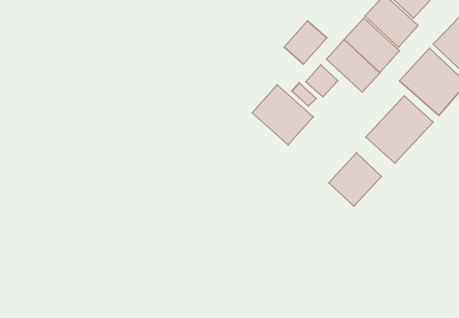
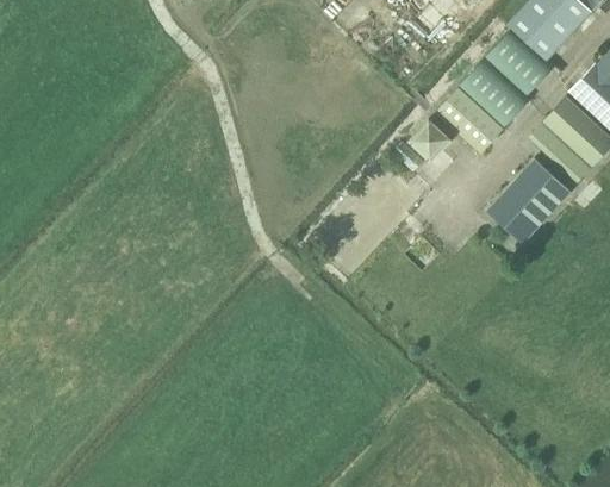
building: [284,21,327,64] -> none
building: [252,85,313,145] -> none
building: [329,153,382,206] -> none

